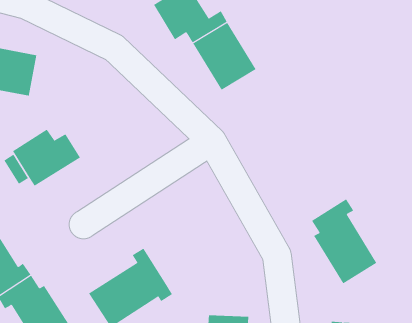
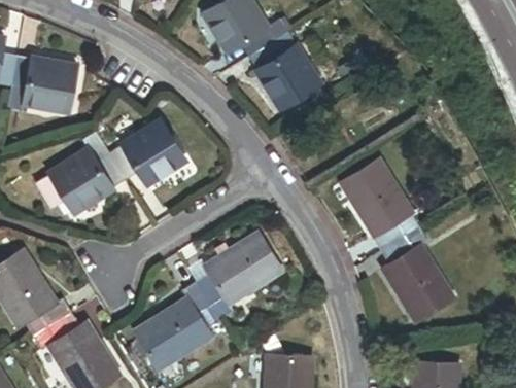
building: none -> [109,122,185,185]
building: none -> [342,158,420,251]
building: none -> [196,233,280,319]

